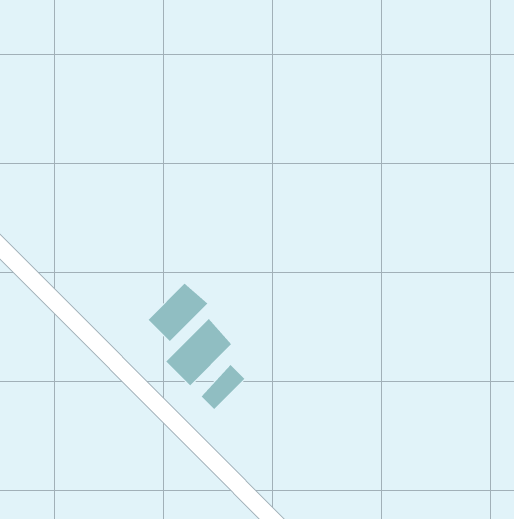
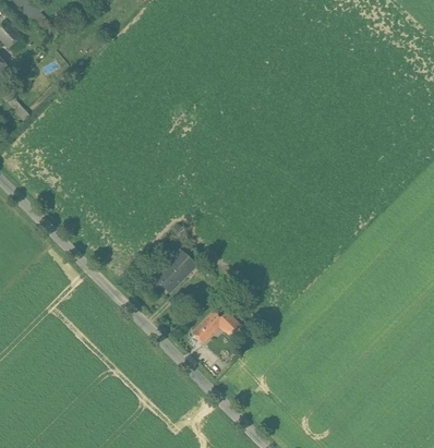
building: [165,318,232,386] -> none

